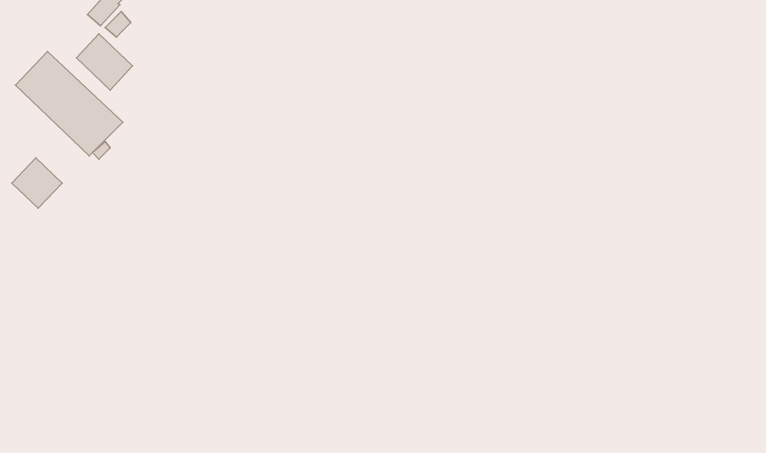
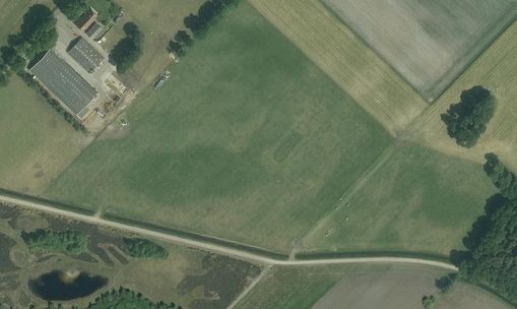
building: [12,158,62,208] -> none

